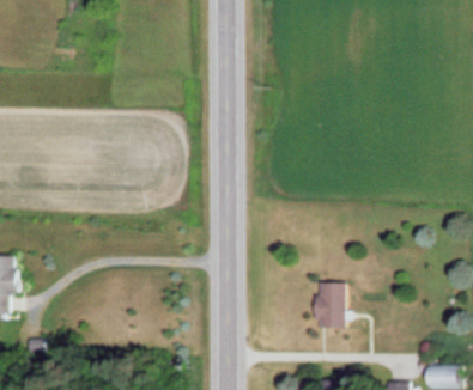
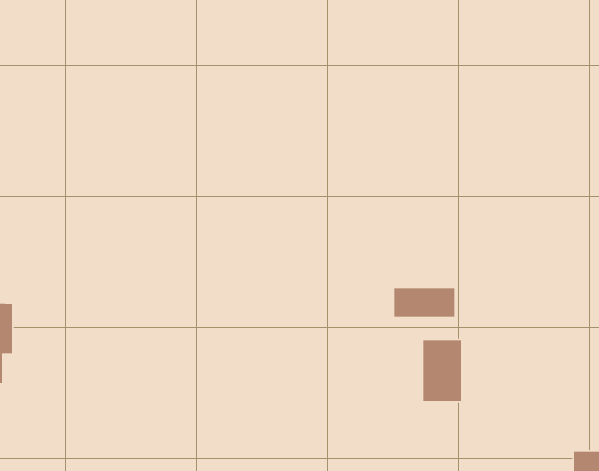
building: none -> [394,288,455,318]

